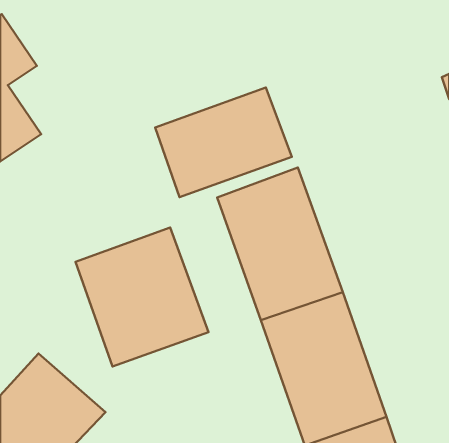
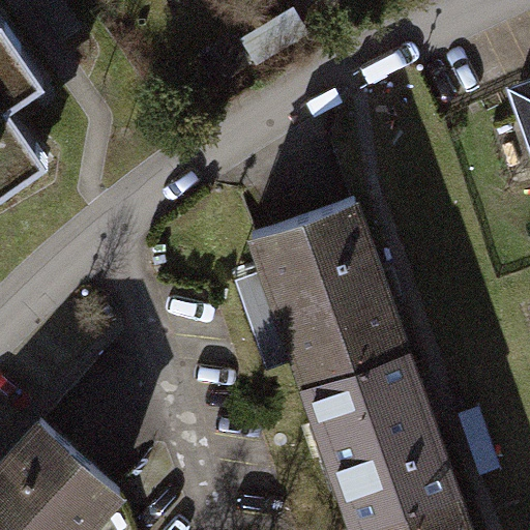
building: [155,88,292,197] -> none
building: [75,228,209,367] -> none

